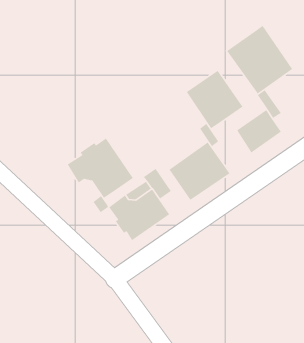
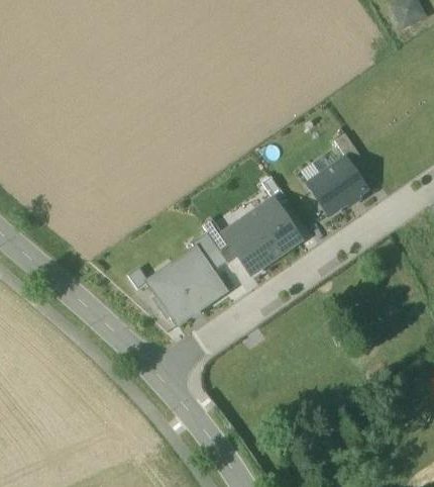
building: [226,25,293,94] -> none
building: [186,70,244,129] -> none
building: [67,137,134,199] -> none

